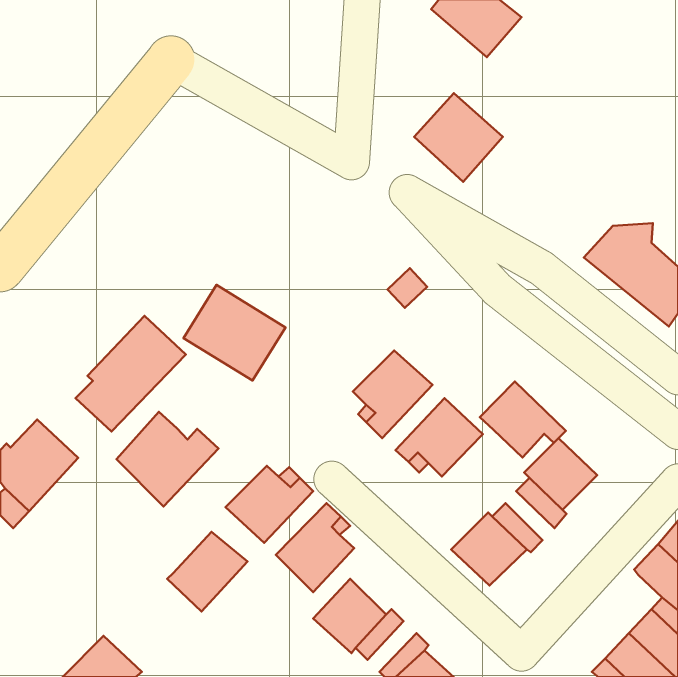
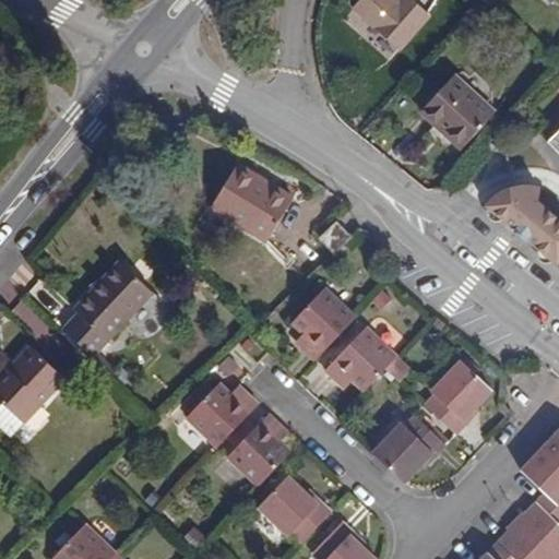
building: [414,93,503,182] -> [423,74,496,147]
building: [183,285,286,381] -> [210,163,294,241]
building: [480,382,566,458] -> none
building: [116,412,219,506] -> none
building: [167,532,248,611] -> none

